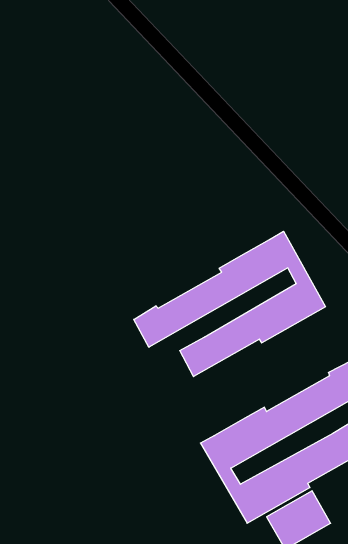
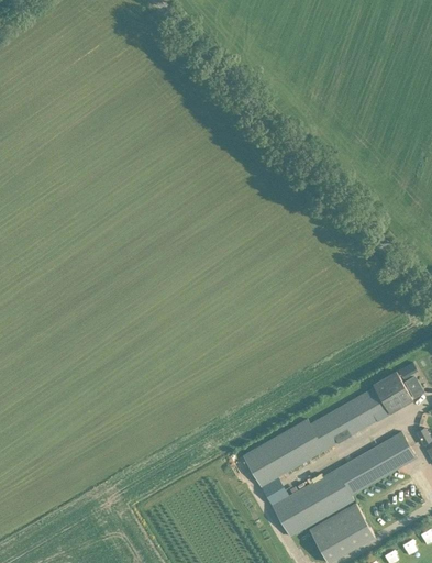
building: [134,231,325,377] -> none

